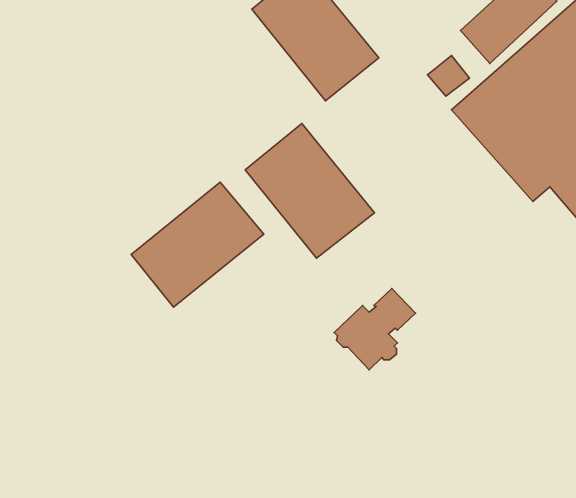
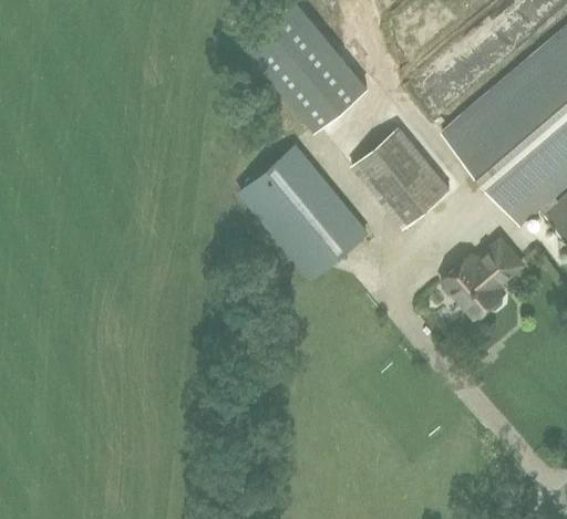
building: none -> [352,128,451,229]
building: [131,182,264,307] -> none
building: [334,288,416,370] -> [441,241,520,321]

